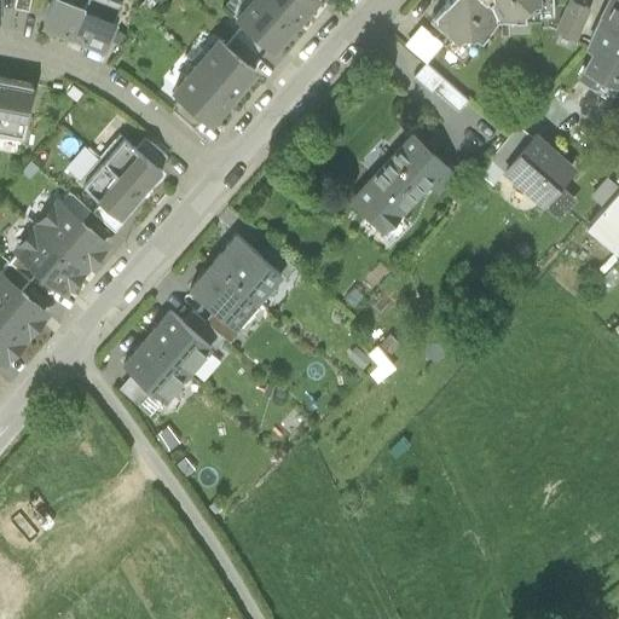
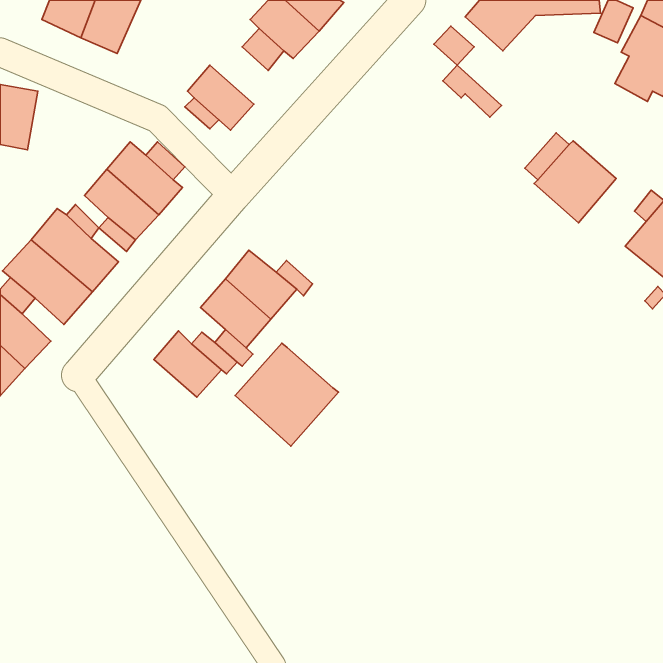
building: [197,39,260,99] -> none
building: [347,135,444,241] -> none
building: none -> [235,343,339,446]
building: [121,336,185,399] -> none

